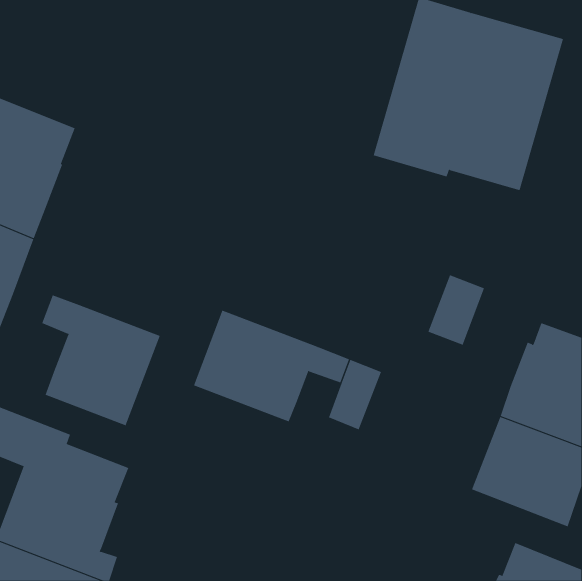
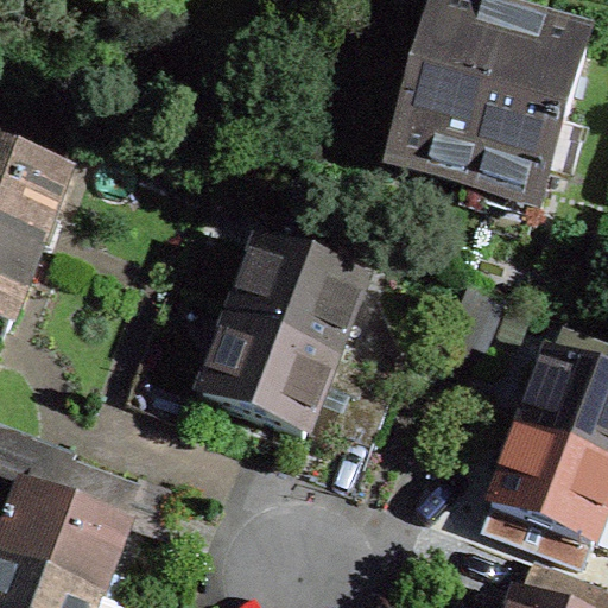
building: none -> [230,245,360,360]
building: [41,295,161,426] -> none

